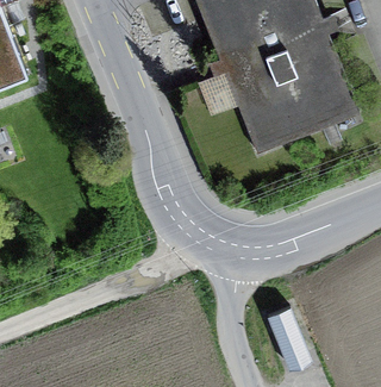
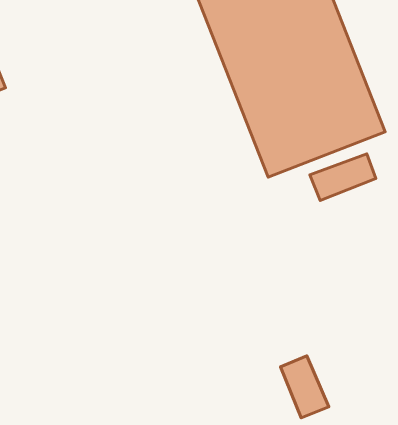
building: none -> [310,154,376,200]

